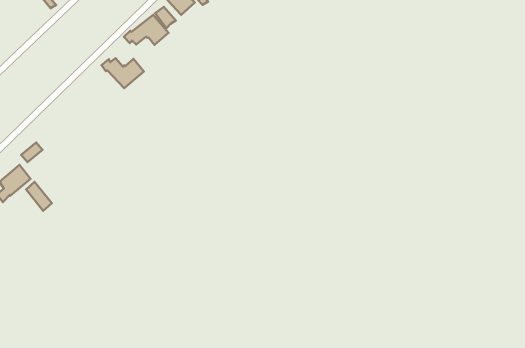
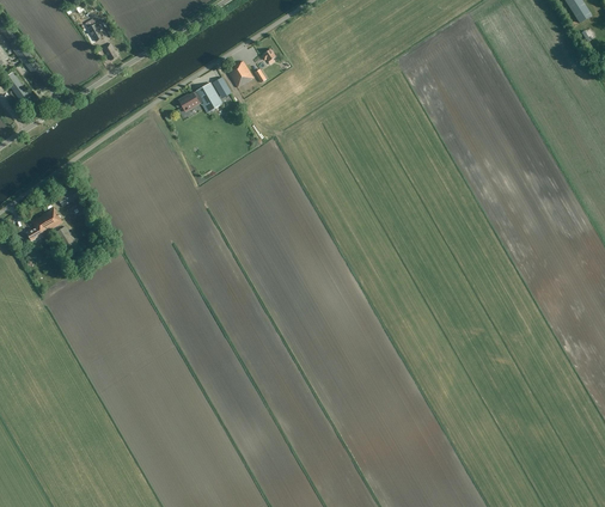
building: [101,58,144,88] -> none

